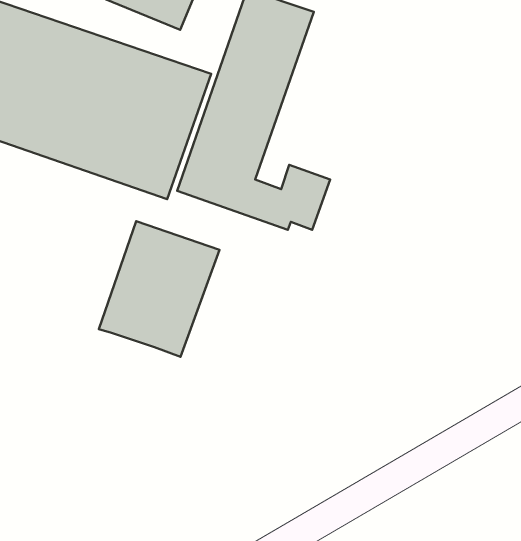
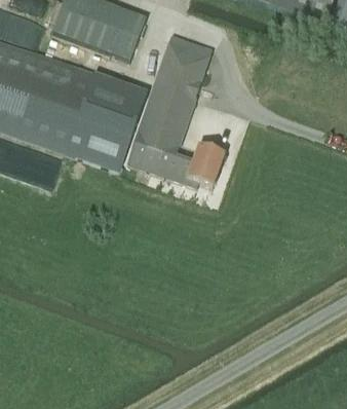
building: [99,221,220,357] -> none

